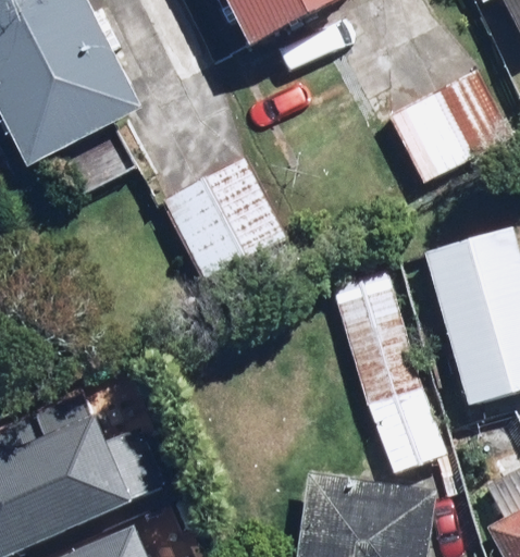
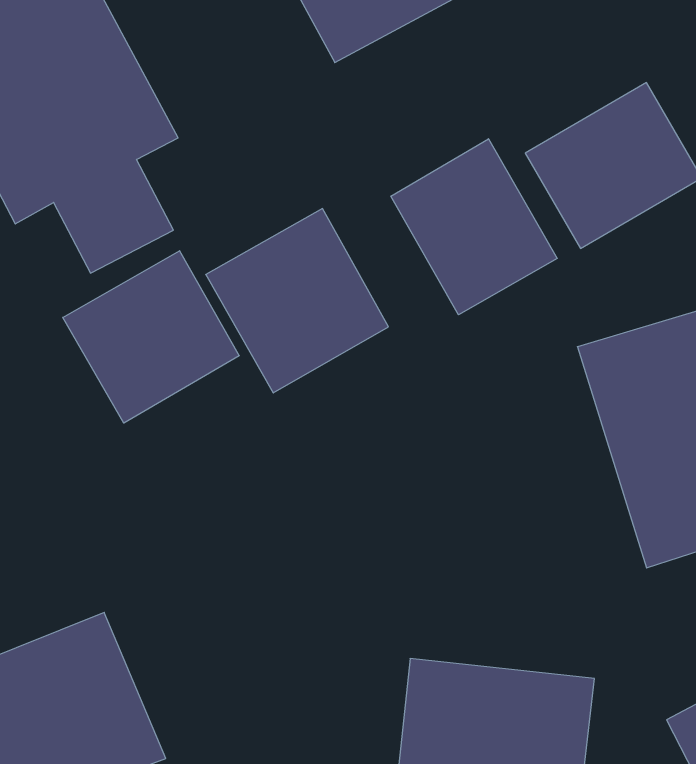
building: none -> [391,139,557,315]
building: none -> [63,251,239,423]
building: [322,269,454,473] -> none

